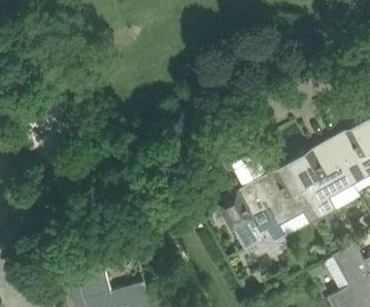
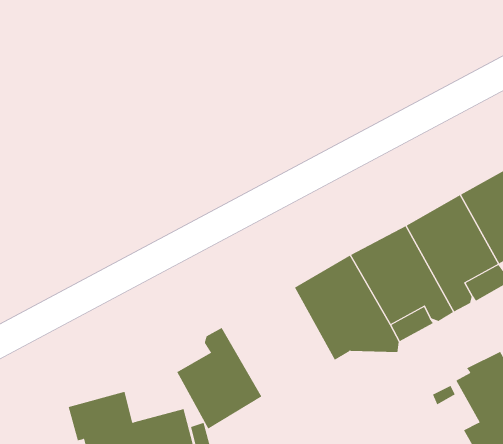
building: none -> [177,327,262,429]

